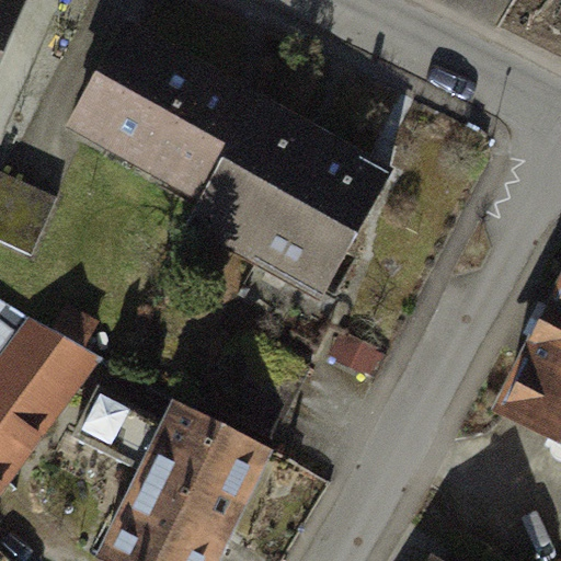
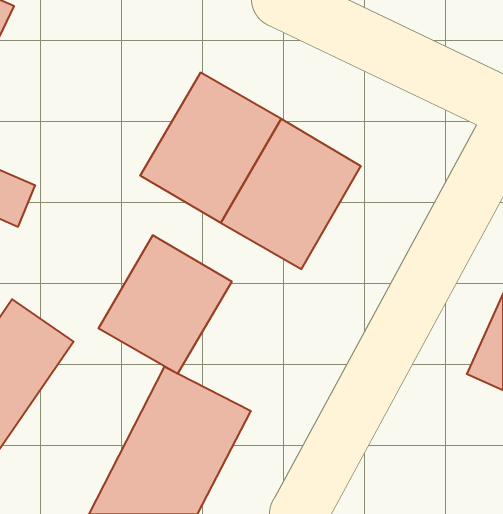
building: [65,28,218,191] -> none
building: none -> [99,235,232,374]

